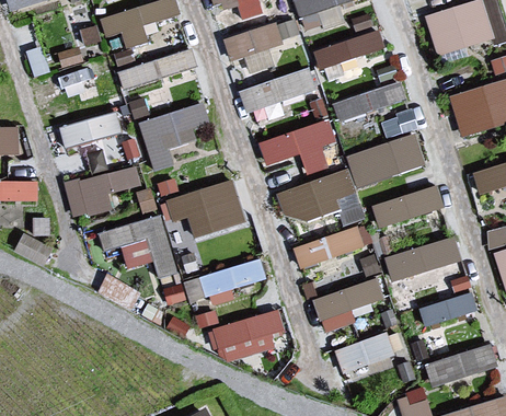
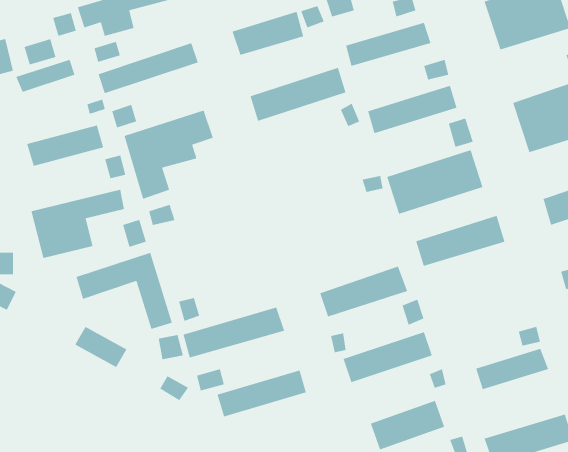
building: [257,120,336,172] -> none
building: [277,170,363,222] -> none
building: [163,180,243,234] -> none
building: [386,236,463,281] -> none

